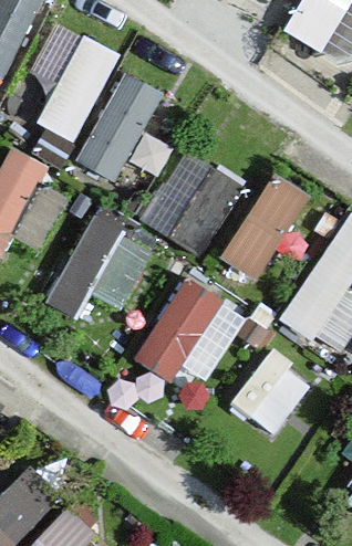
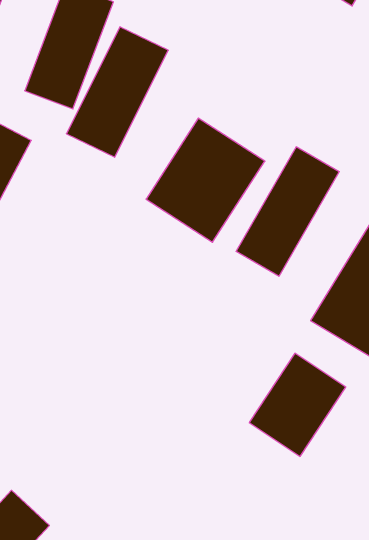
building: [59,220,148,317] -> none
building: [142,275,247,389] -> none

